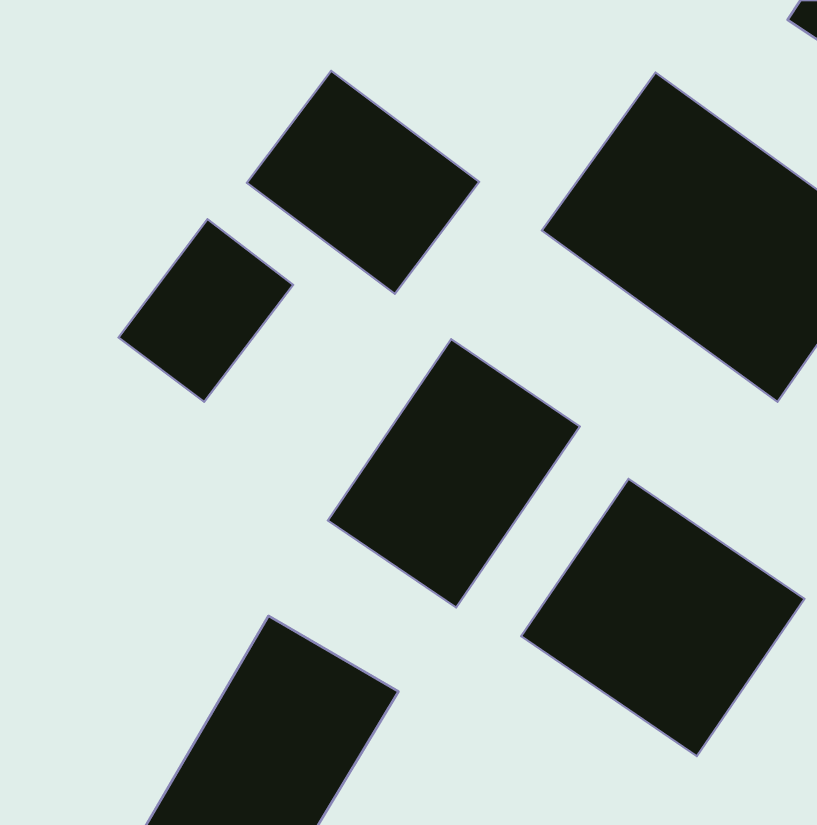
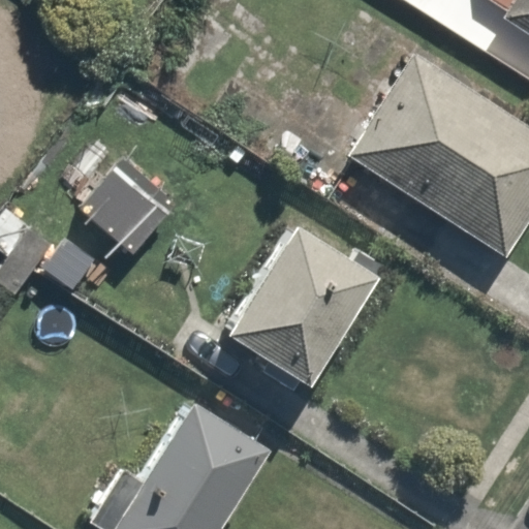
building: [247,71,479,294] -> none
building: [521,479,804,756] -> none

